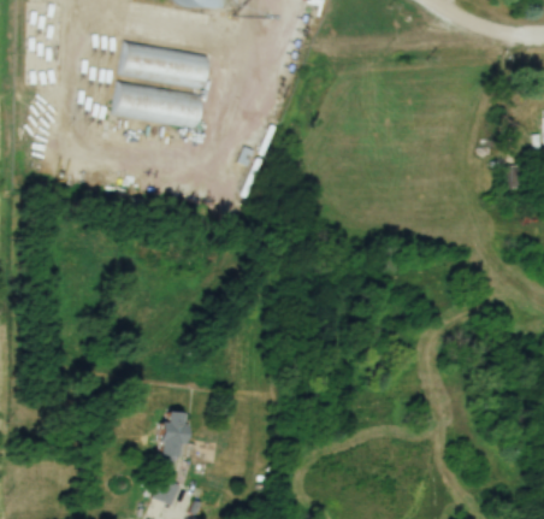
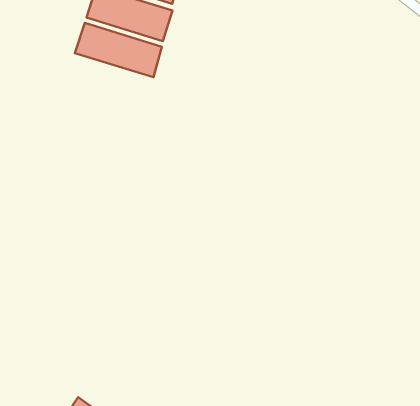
building: [155,414,184,459] -> none

